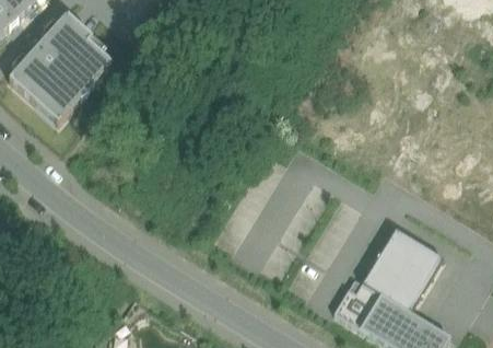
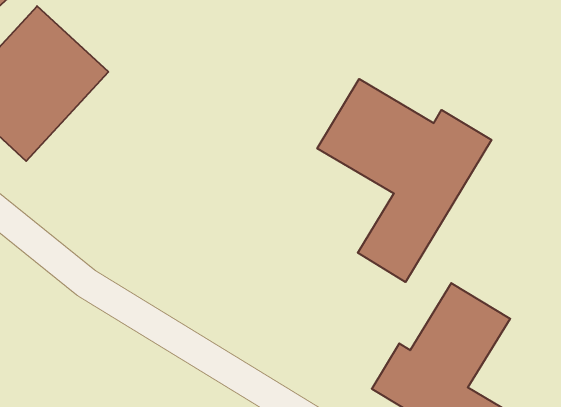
building: none -> [317,79,491,282]

